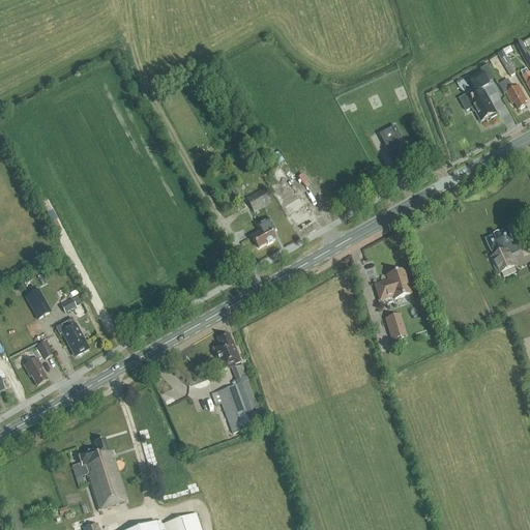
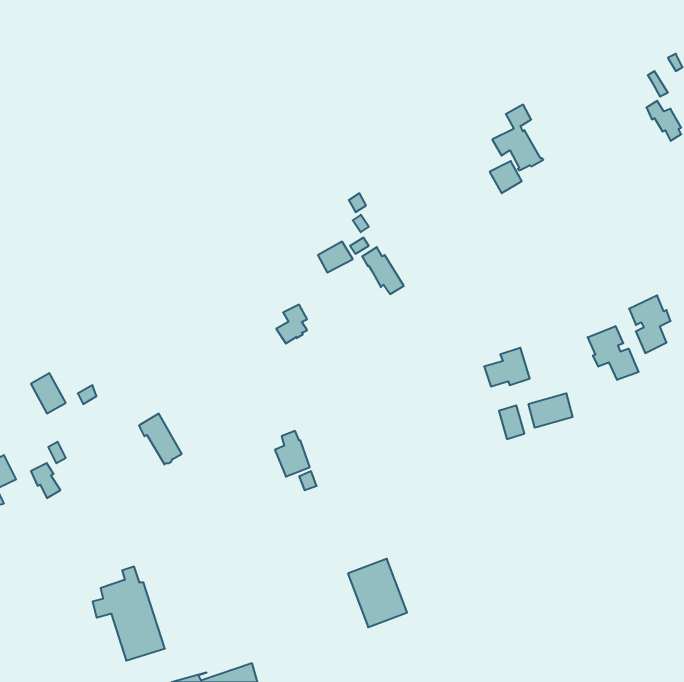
building: [459,69,498,120] -> [492,105,543,170]
building: [251,216,274,246] -> [276,305,307,343]
building: none -> [588,326,639,380]
building: none -> [529,393,573,428]
building: [55,316,88,355] -> [139,414,182,465]
building: [216,379,262,432] -> [348,559,407,627]

